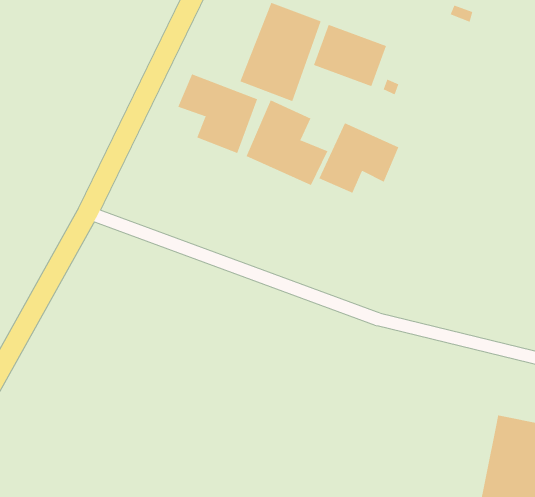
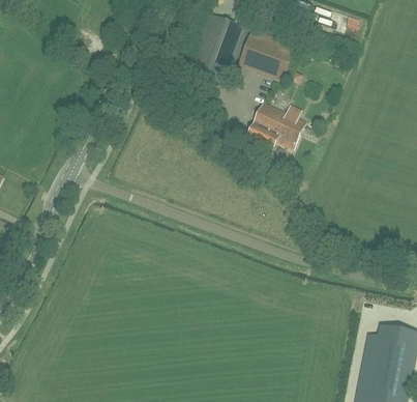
building: [178,74,258,154] -> none
building: [246,100,328,186] -> none

